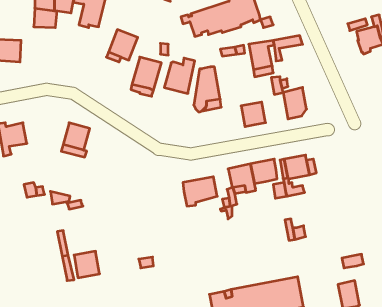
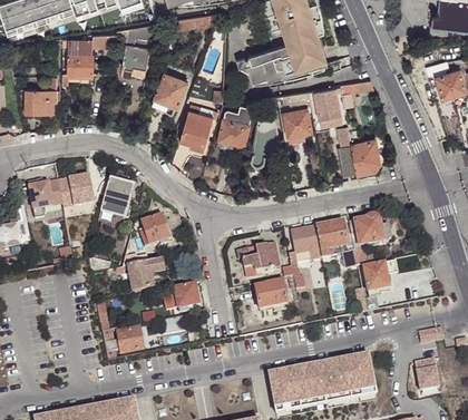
building: [241,102,266,127] -> [283,109,311,137]
building: none -> [57,174,94,206]
building: none -> [138,206,168,237]
building: none -> [128,258,165,295]
building: none -> [361,262,391,294]
building: none -> [253,280,284,309]
building: none -> [172,283,199,311]

